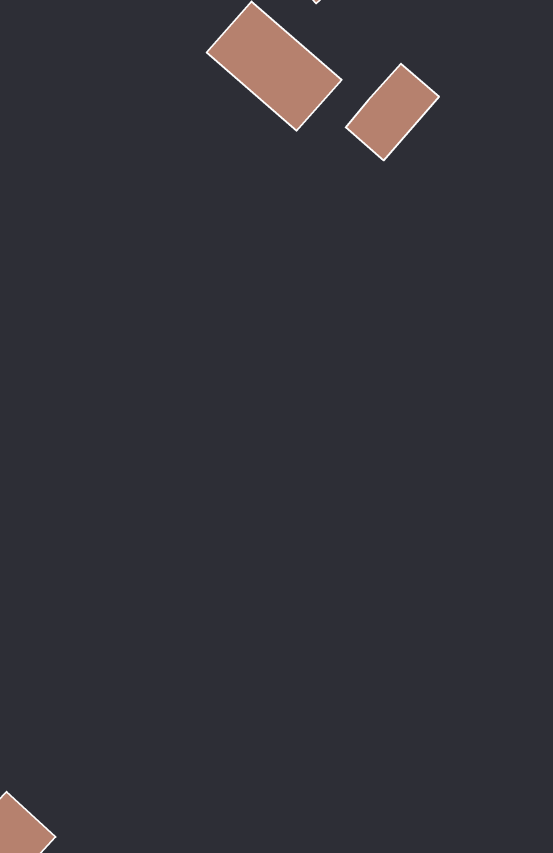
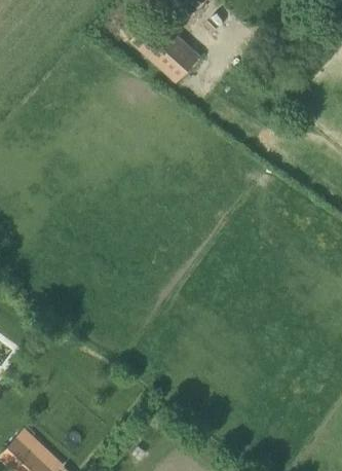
building: [346,64,439,160] -> none

